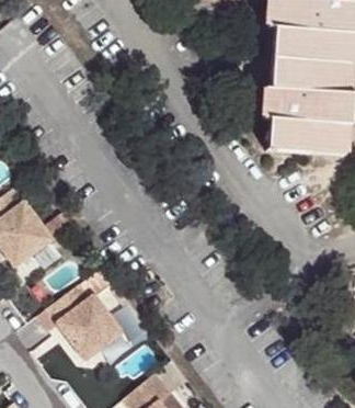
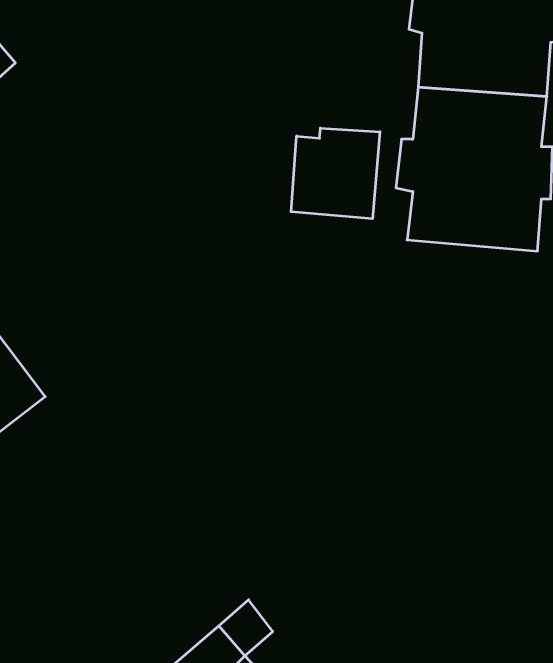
building: none -> [291,128,380,219]
building: [49,286,125,362] -> none

